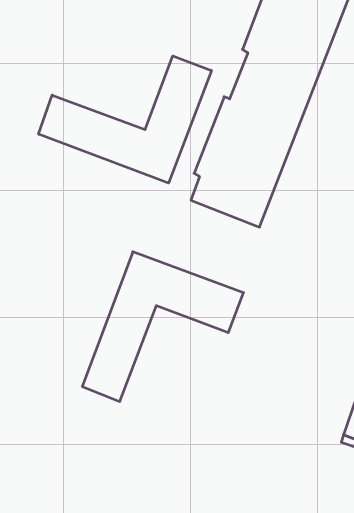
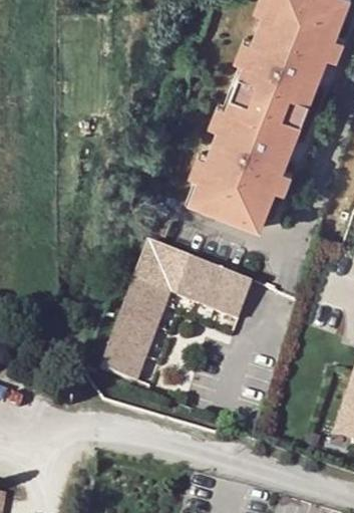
building: [39,56,211,183] -> none

